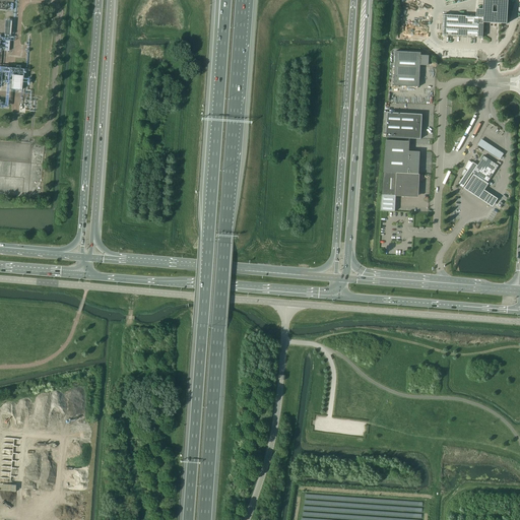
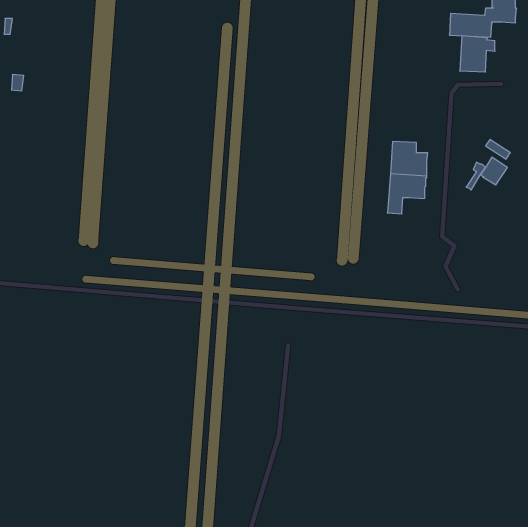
building: [394,50,429,85] -> [460,36,495,72]
building: [386,112,424,138] -> none
building: [465,174,500,207] -> none

